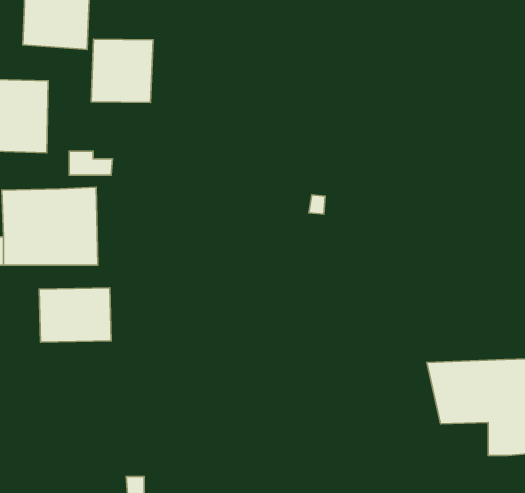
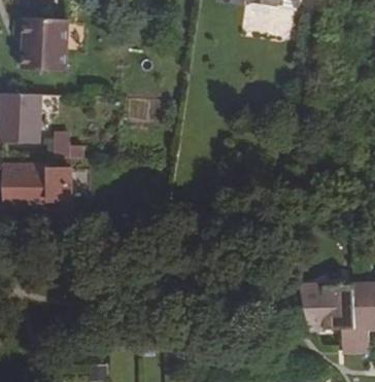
building: [91,39,153,103] -> none
building: [39,288,111,342] -> none

